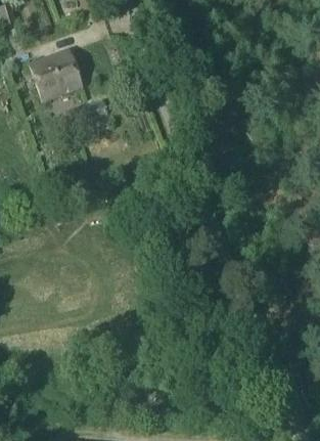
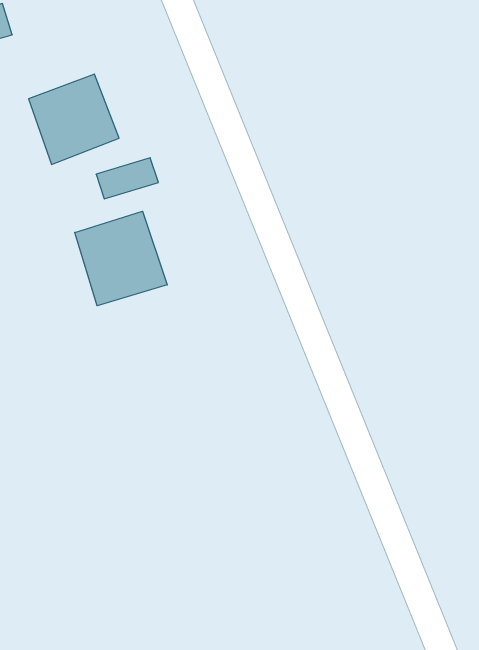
building: none -> [75,211,167,306]

